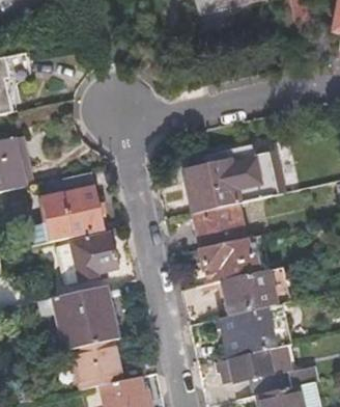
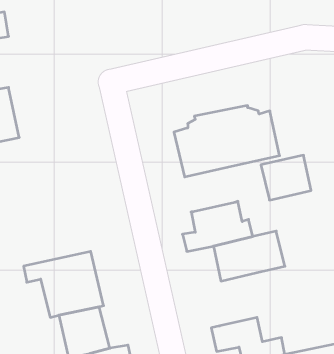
building: [41,161,108,241] -> none
building: [193,204,242,247] -> [261,155,311,200]
building: [63,235,113,282] -> none
building: [219,306,274,358] -> none

